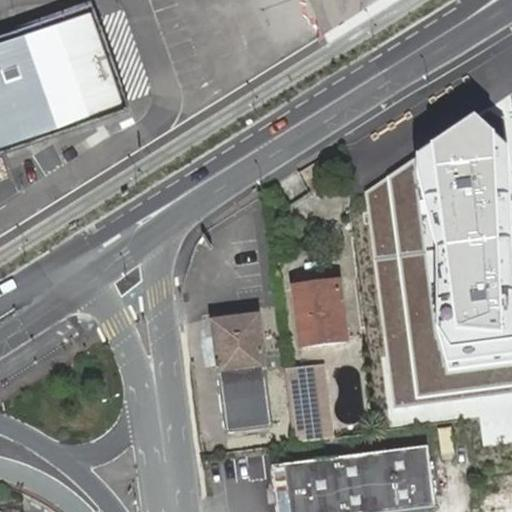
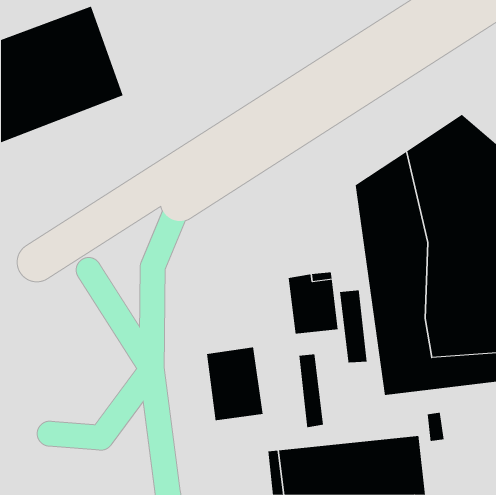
building: [207,313,262,363] -> none
building: [287,365,316,441] -> [339,290,367,364]

